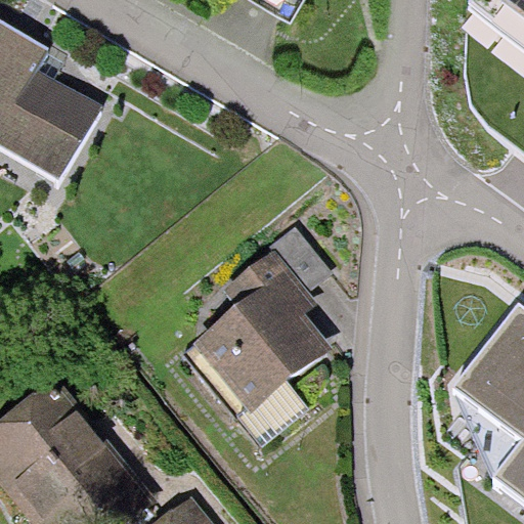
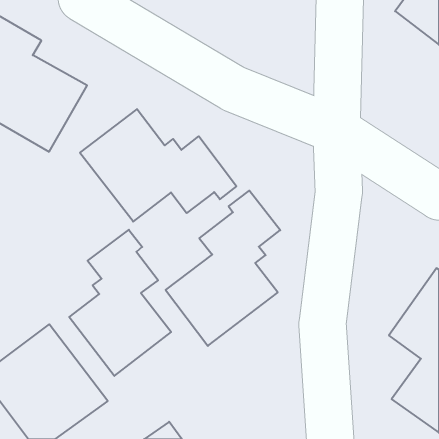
building: none -> [80,109,236,222]
building: none -> [69,230,171,376]

